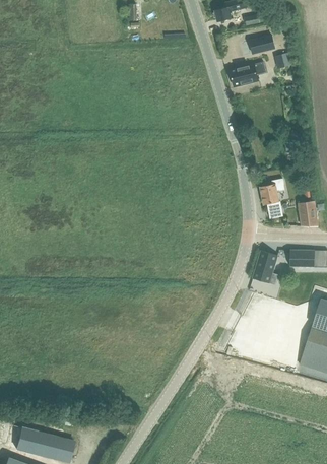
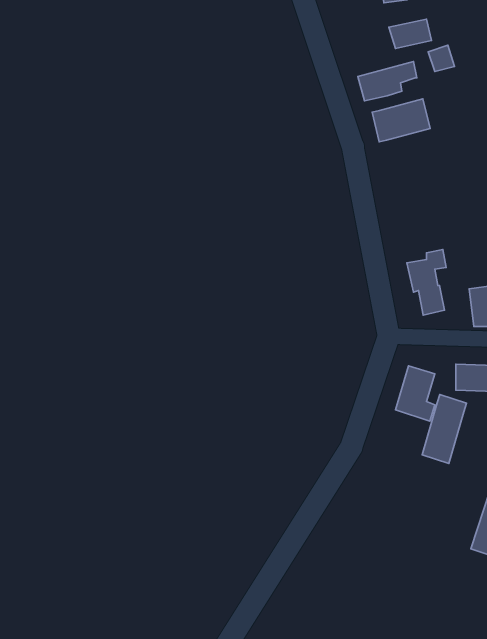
building: none -> [372,99,430,142]
building: none -> [422,394,467,464]

